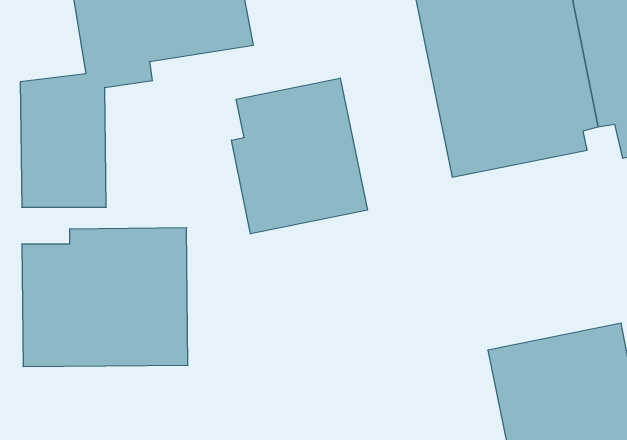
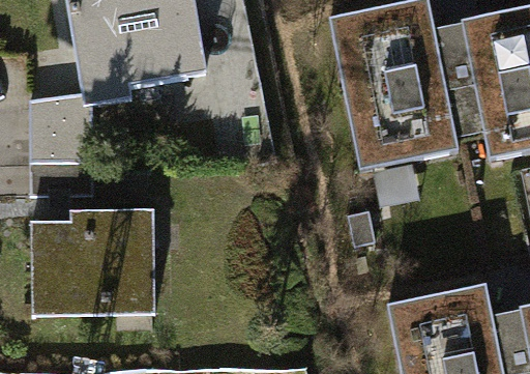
building: [232,78,367,234] -> none

